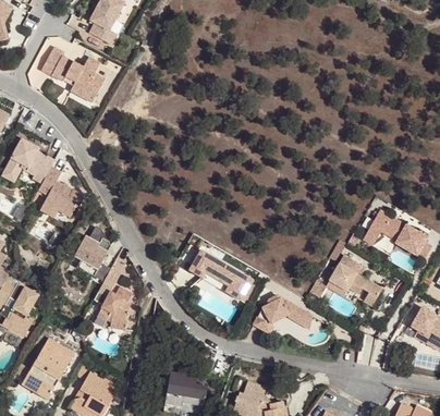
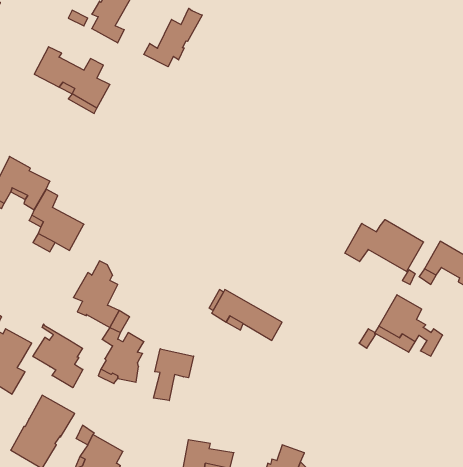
building: none -> [144,8,202,67]
building: none -> [345,220,424,272]
building: none -> [33,324,83,388]
building: [254,295,314,332] -> none
building: none -> [153,349,194,401]

